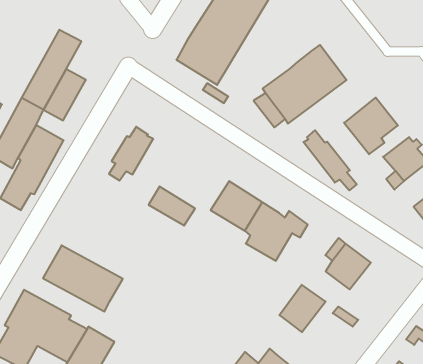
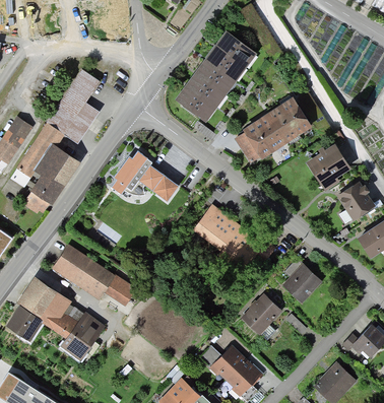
building: [303,130,357,190] -> none
building: [149,186,195,226] -> [140,167,178,201]
building: none -> [105,275,137,307]

